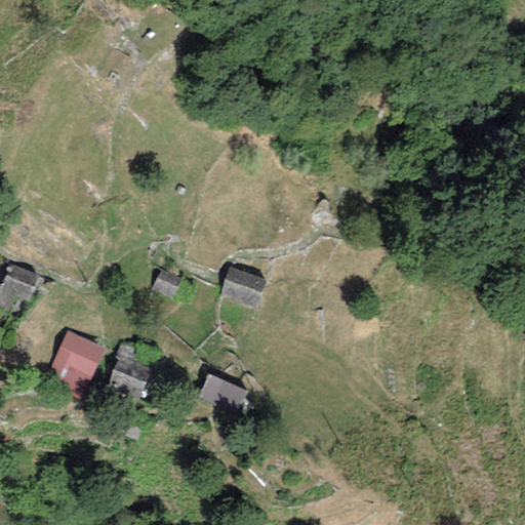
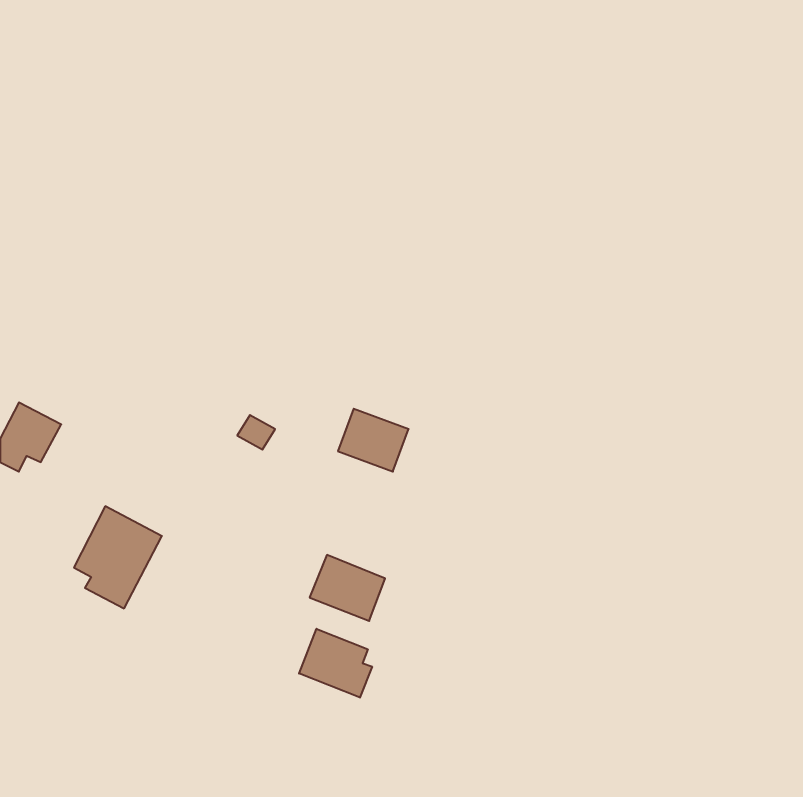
building: [109,356,148,394] -> none
building: none -> [299,629,372,698]

